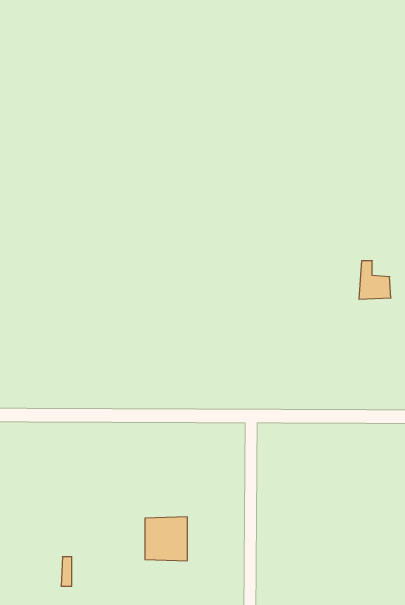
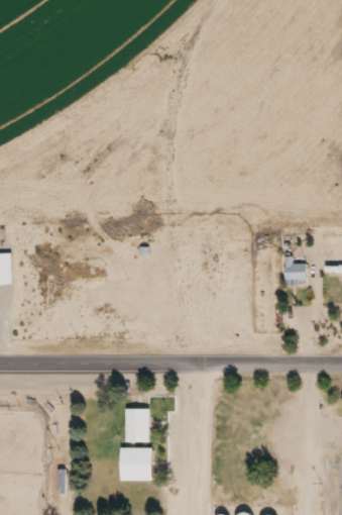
building: none -> [125,414,149,442]

